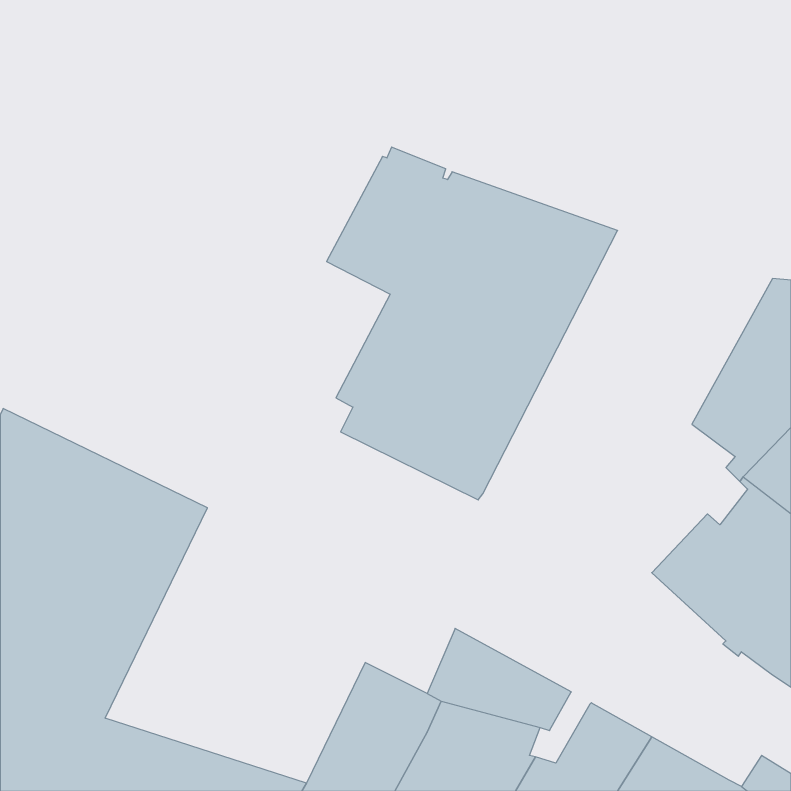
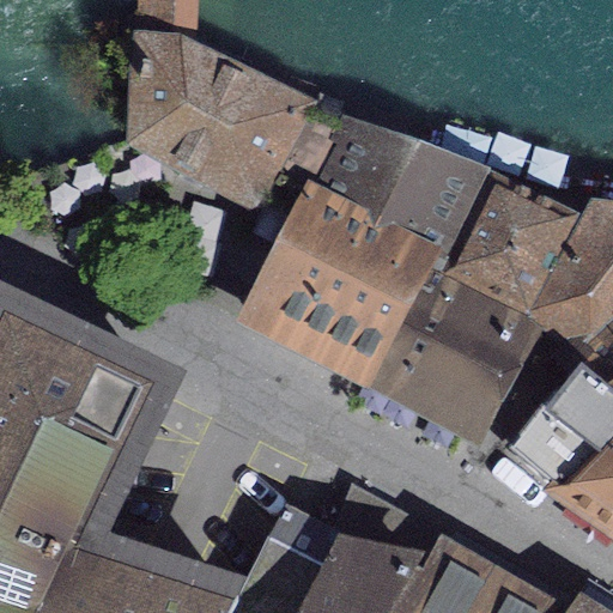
building: none -> [140,54,299,202]
building: none -> [374,178,573,432]

